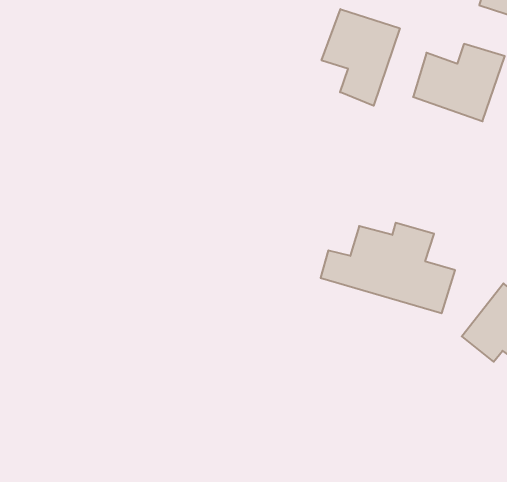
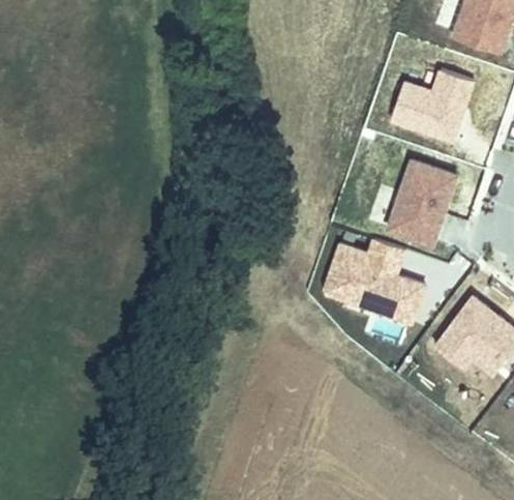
building: [322,9,400,106] -> none
building: none -> [386,157,458,244]

